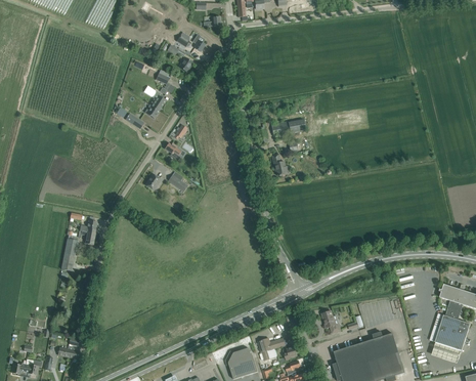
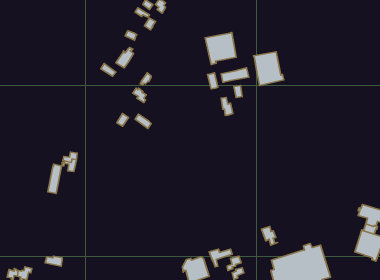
building: none -> [205,32,236,64]
building: none -> [254,52,284,86]

